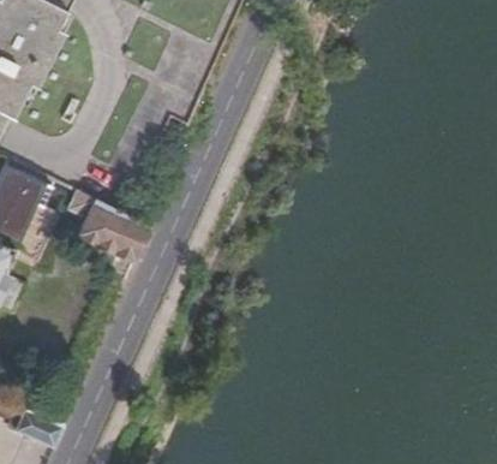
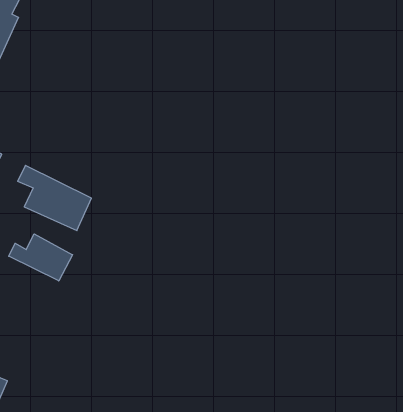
building: none -> [9,234,73,281]

